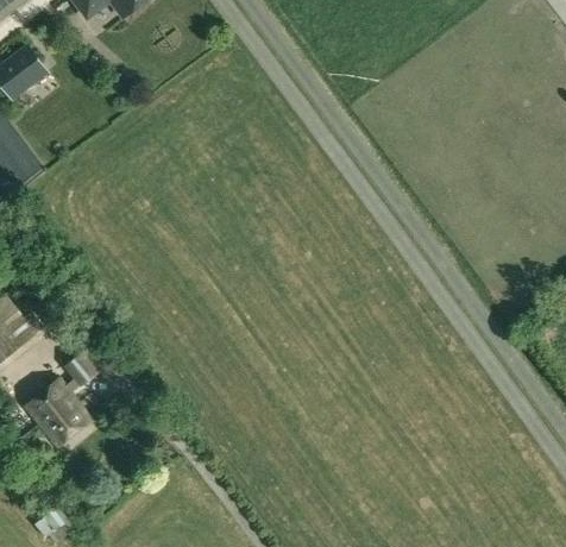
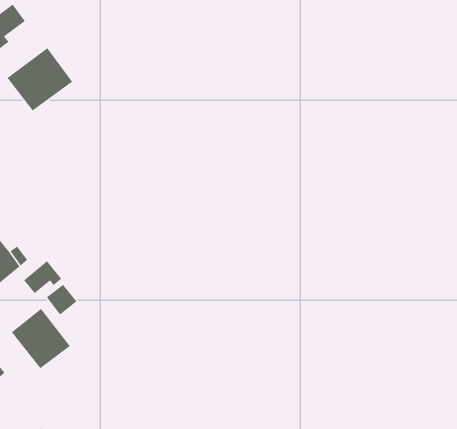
building: none -> [7,47,73,112]
building: none -> [23,260,62,294]

